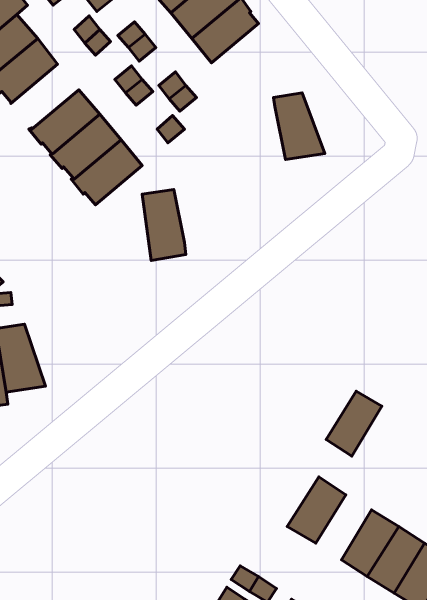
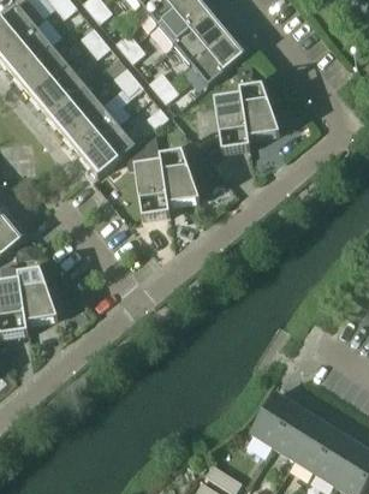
building: none -> [190,30,245,84]
building: none -> [28,64,84,115]
building: none -> [214,97,250,153]
building: none -> [160,153,200,206]
building: [326,391,382,456] -> [273,406,317,458]

